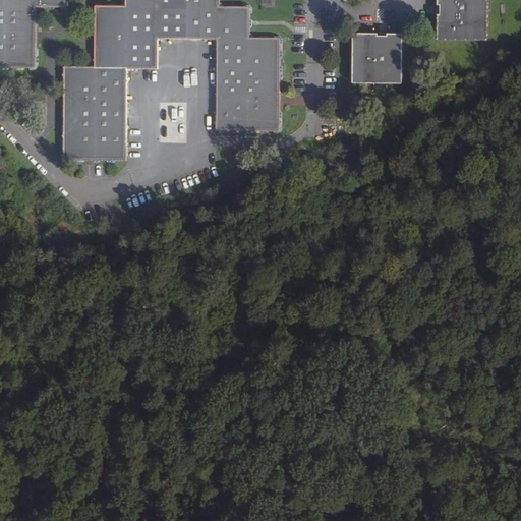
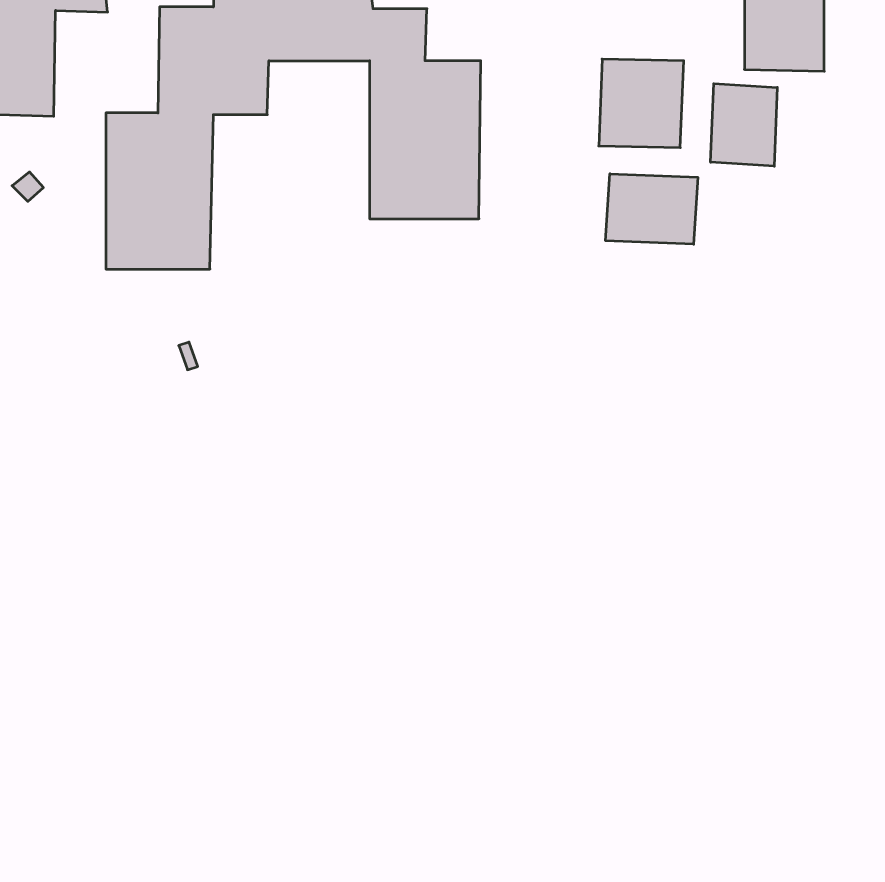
building: none -> [711,84,777,166]
building: none -> [606,174,698,244]

